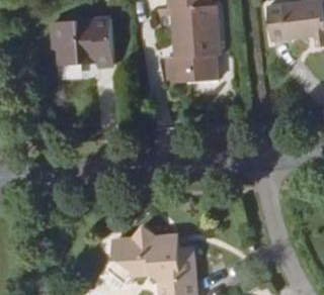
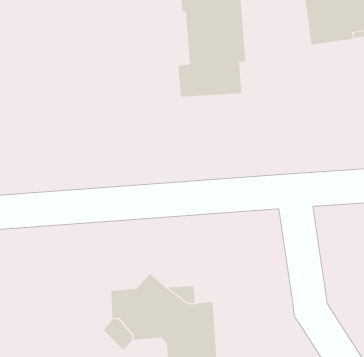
building: [51,16,115,69] -> none

